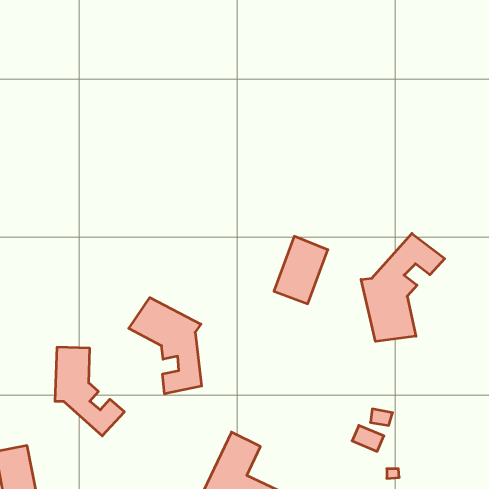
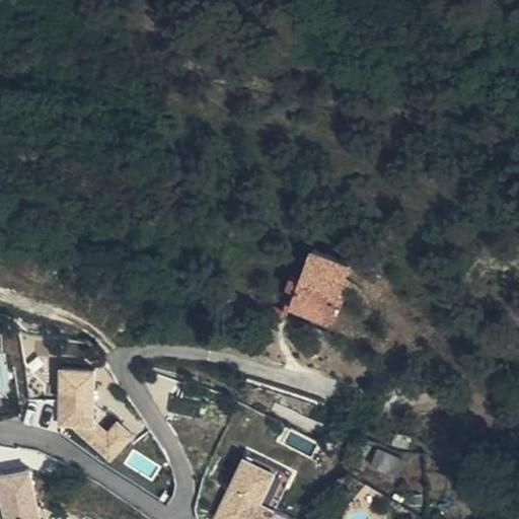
building: [361,233,445,341] -> none
building: [129,298,202,394] -> none

